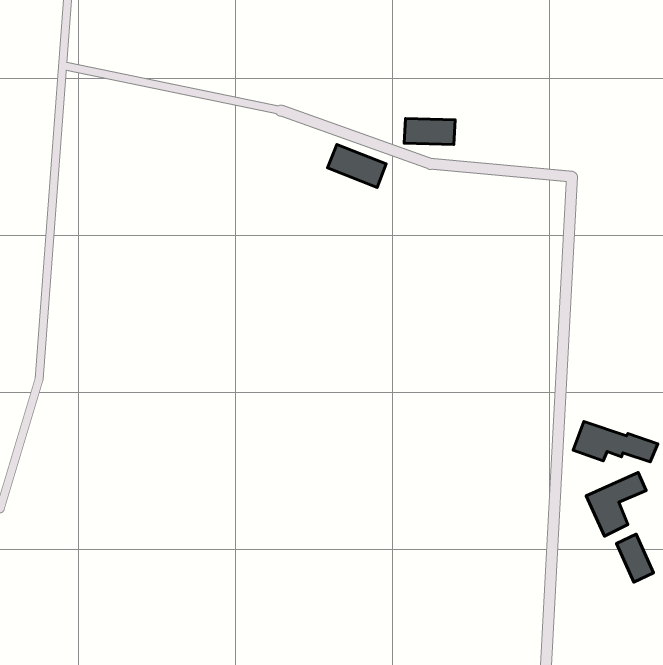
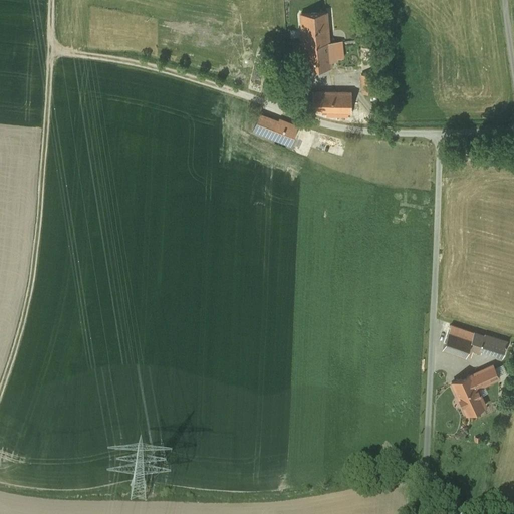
building: none -> [302,12,332,72]
building: [616,534,654,582] -> none

